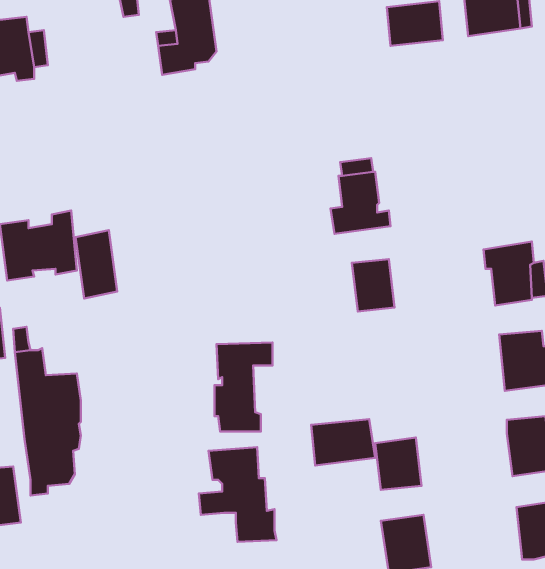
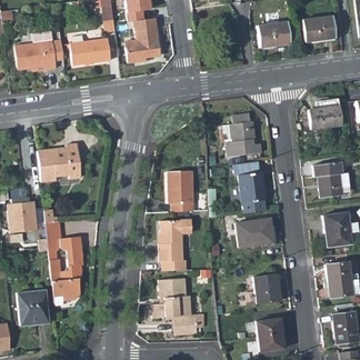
building: none -> [69,38,110,64]
building: none -> [308,99,340,129]
building: [76,230,117,298] -> none
building: none -> [169,170,192,211]
building: [311,419,375,466] -> [236,220,272,247]

